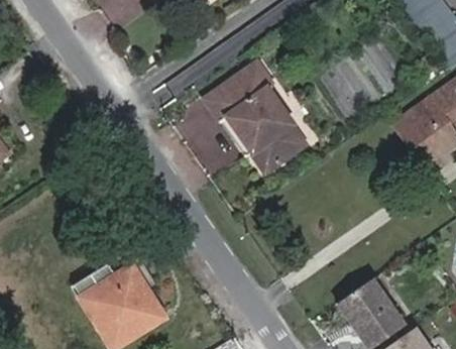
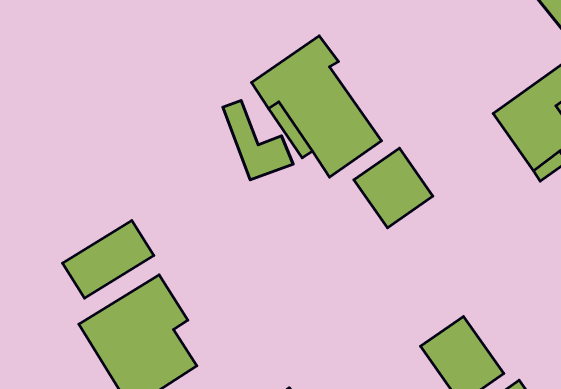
building: none -> [354,148,433,228]
building: none -> [63,221,154,298]

